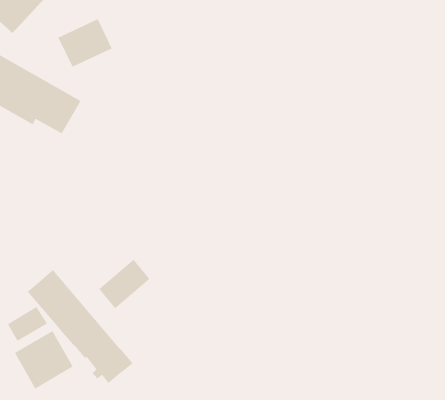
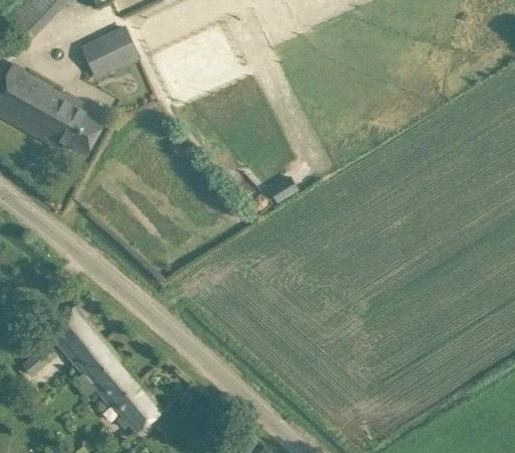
building: [98,259,150,309] -> none
building: [14,330,74,390] -> none

